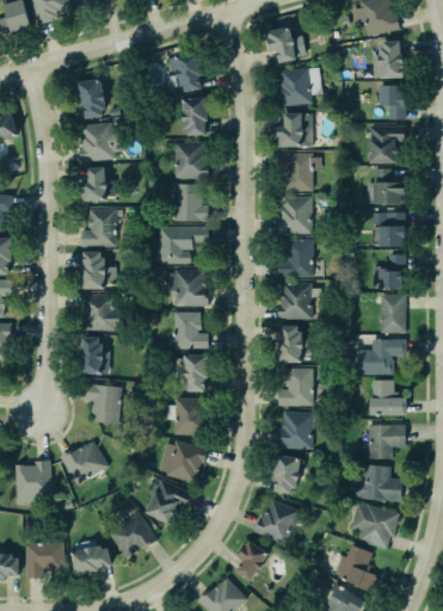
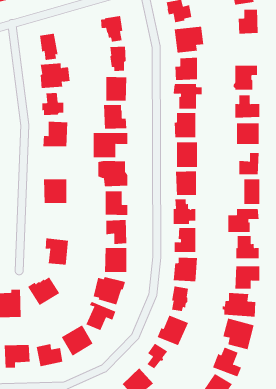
building: [380,86,406,121] -> none
building: [80,251,116,289] -> none
building: [78,337,109,374] -> none

